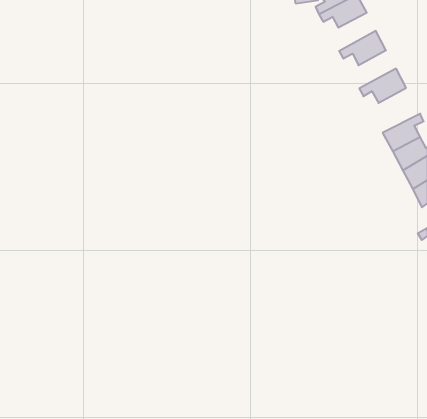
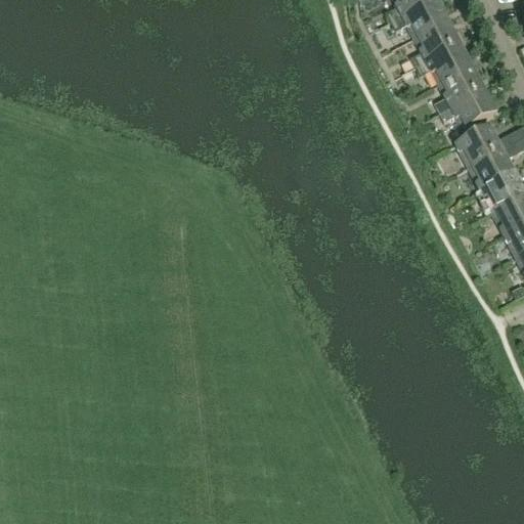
building: none -> [410,15,461,62]
building: none -> [435,61,485,108]
building: none -> [456,121,515,163]

